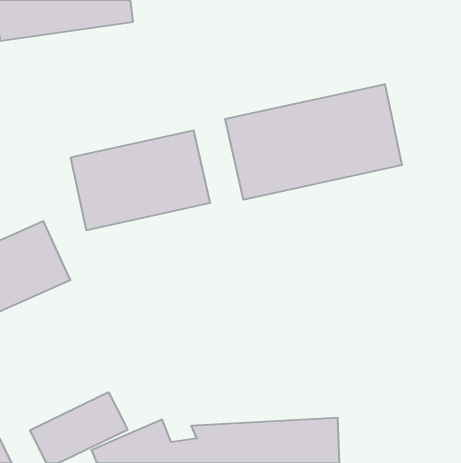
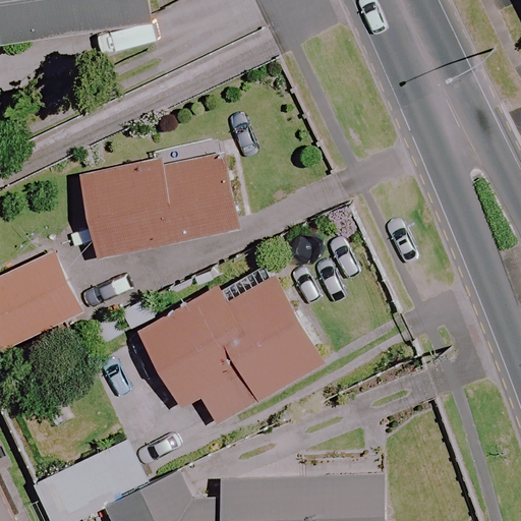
building: [225,84,402,200] -> none
building: none -> [140,278,319,422]

